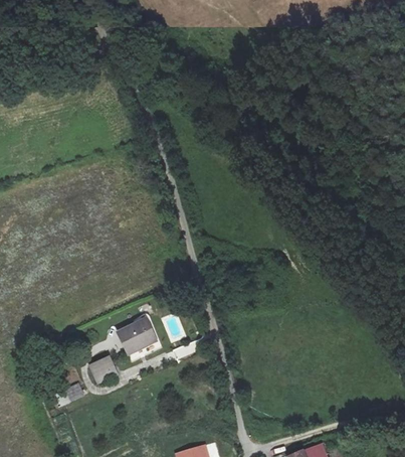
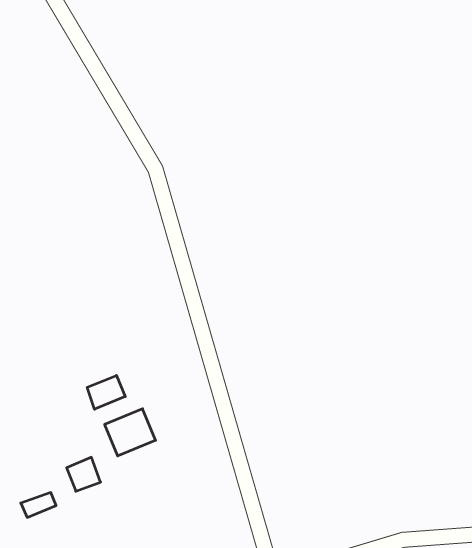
building: none -> [87,375,125,409]

